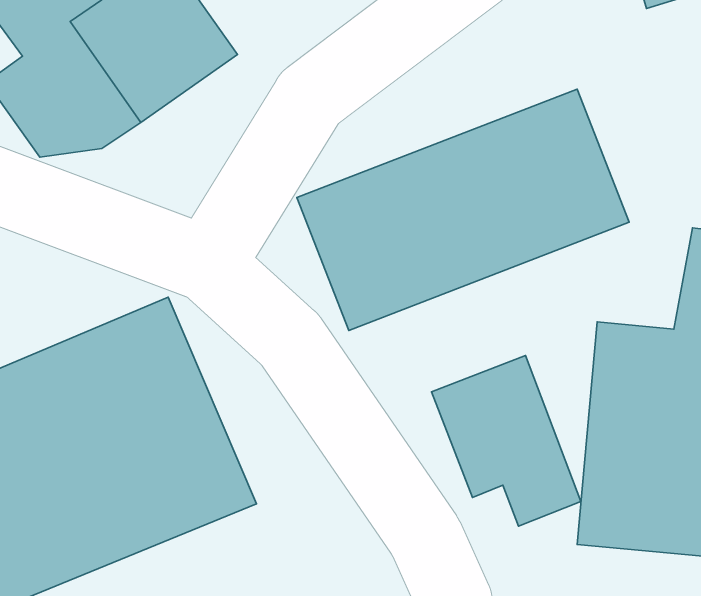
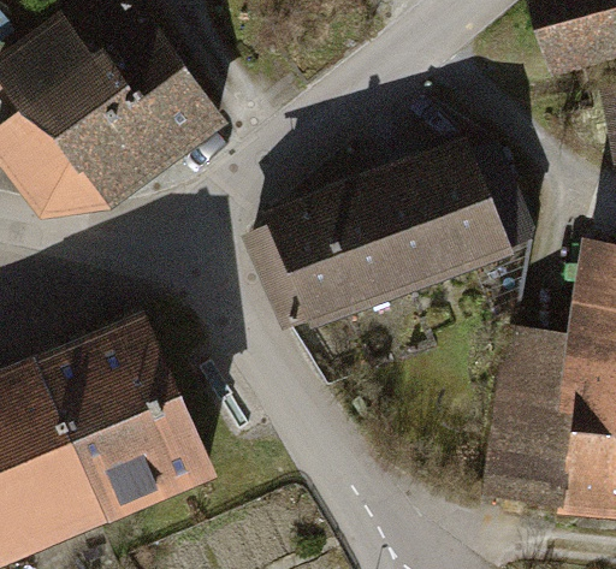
building: [432,356,581,526] -> none

